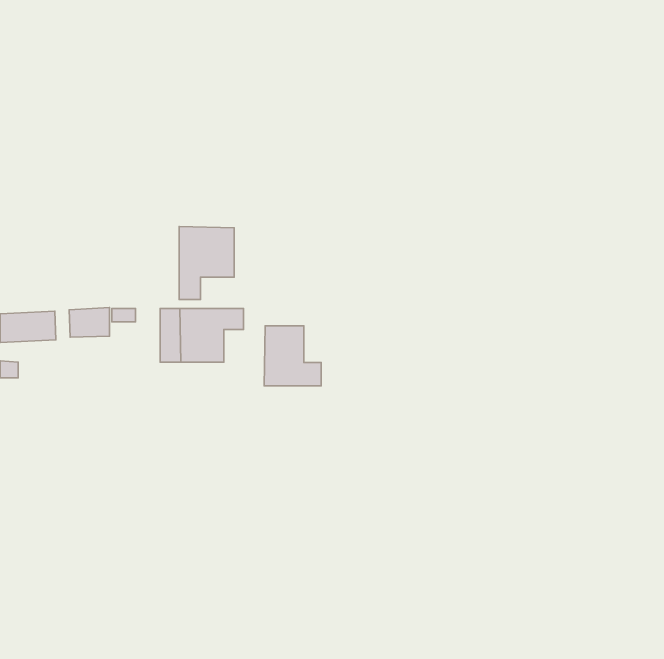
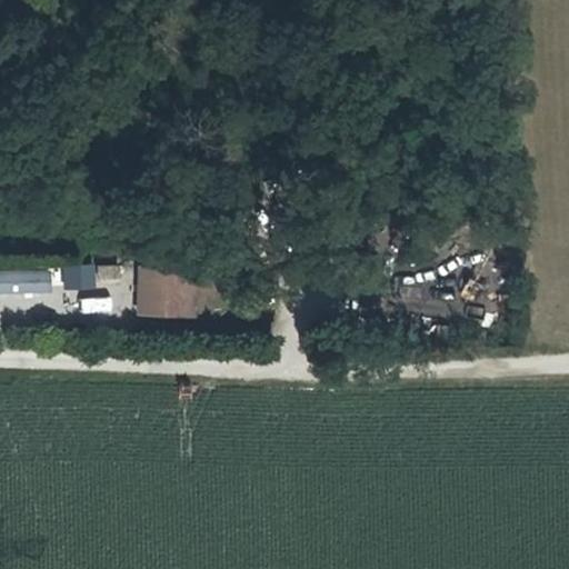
building: [179,226,234,300] -> none
building: [264,326,321,386] -> none

